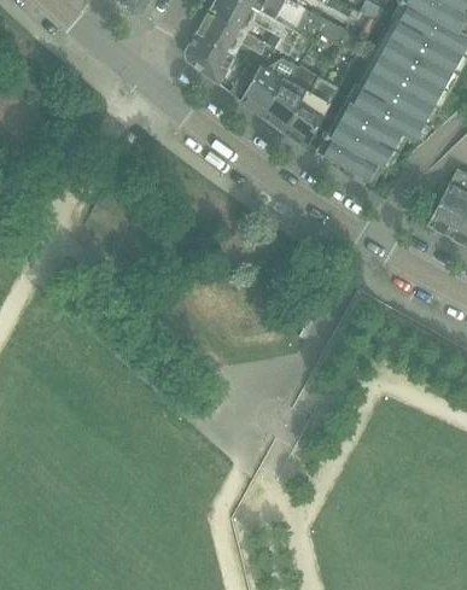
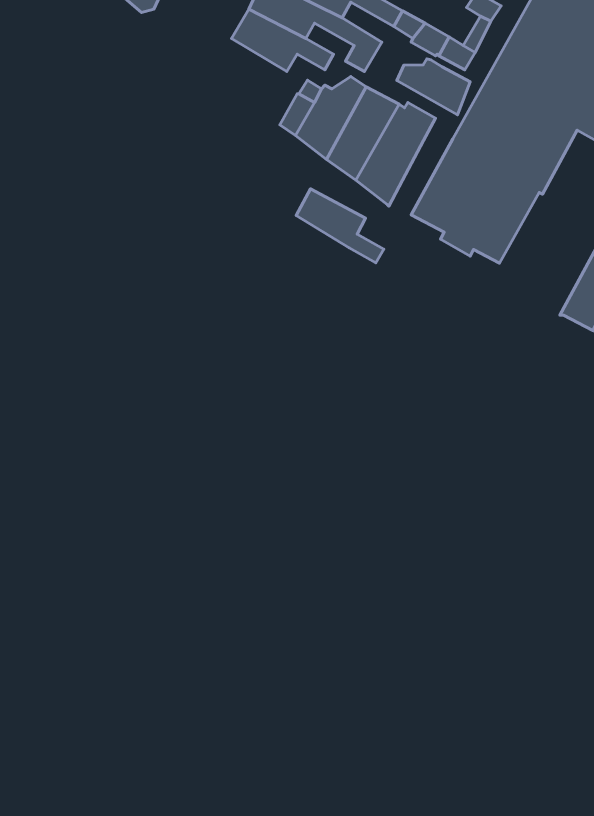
building: [186,30,234,82] -> none
building: none -> [397,59,470,115]
building: none -> [296,189,384,263]

